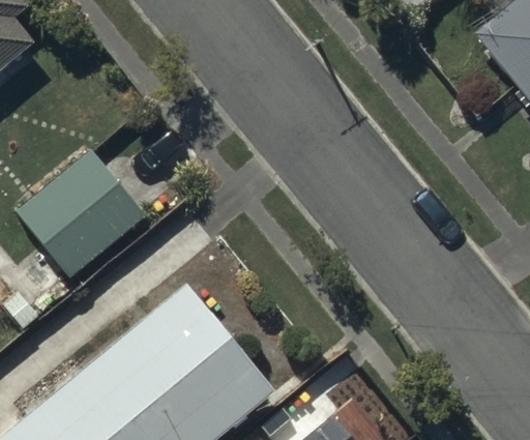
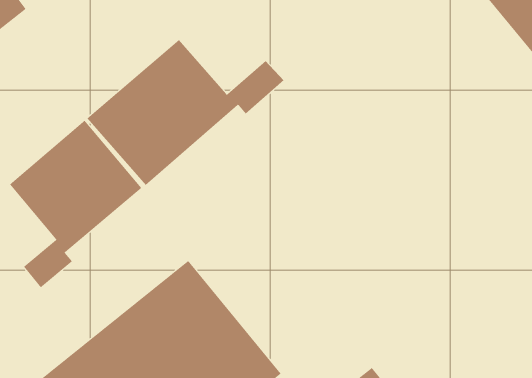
building: none -> [86,39,284,186]

